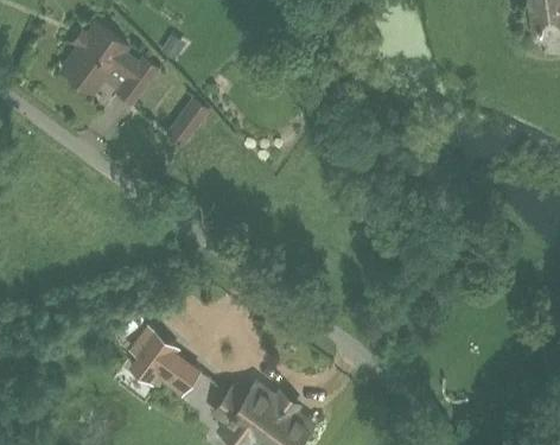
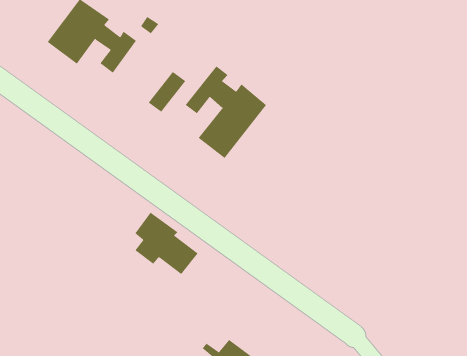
building: none -> [185,66,267,159]
building: [131,328,198,394] -> [135,212,198,275]

